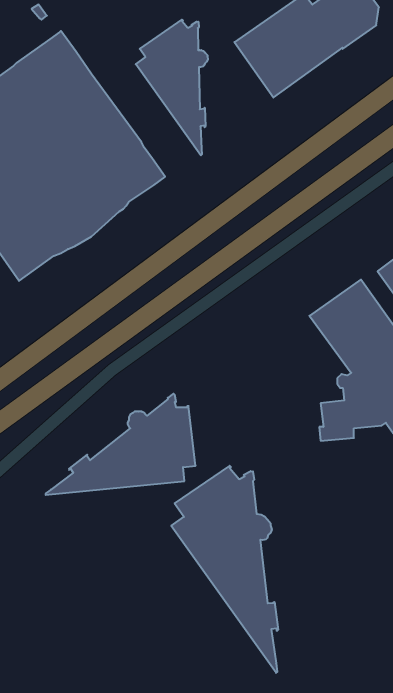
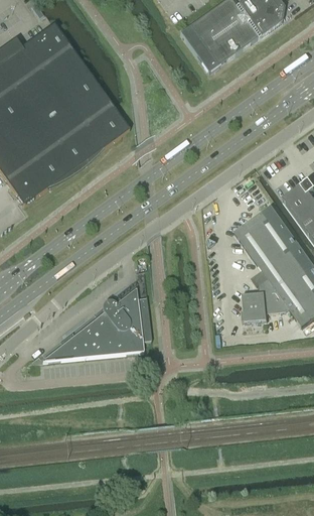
building: [136,20,208,155] -> none
building: [171,466,278,673] -> none

